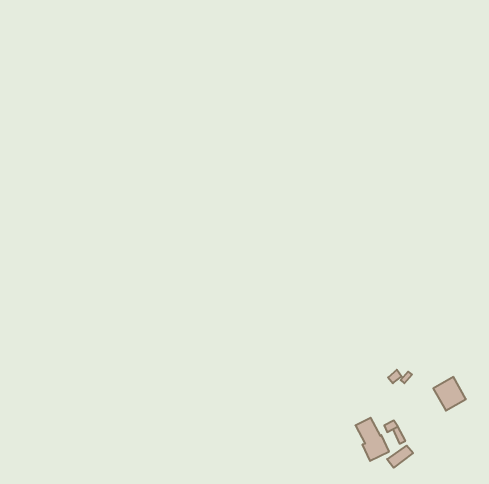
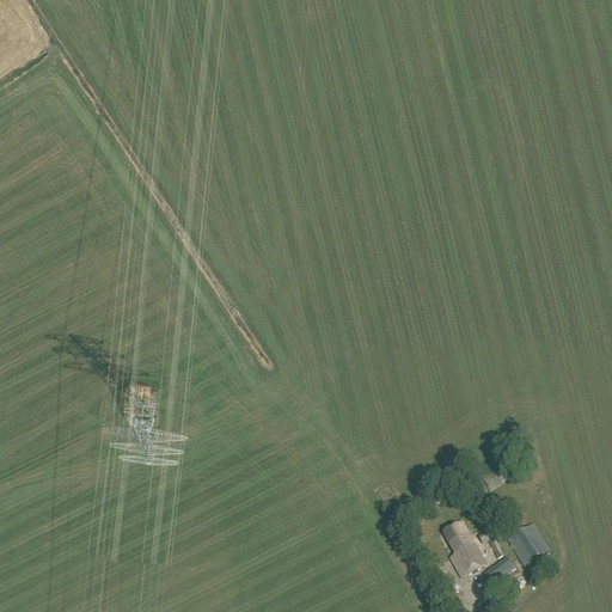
building: [433,377,466,411] -> [507,522,547,564]

